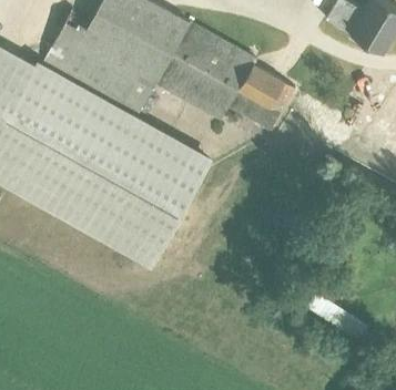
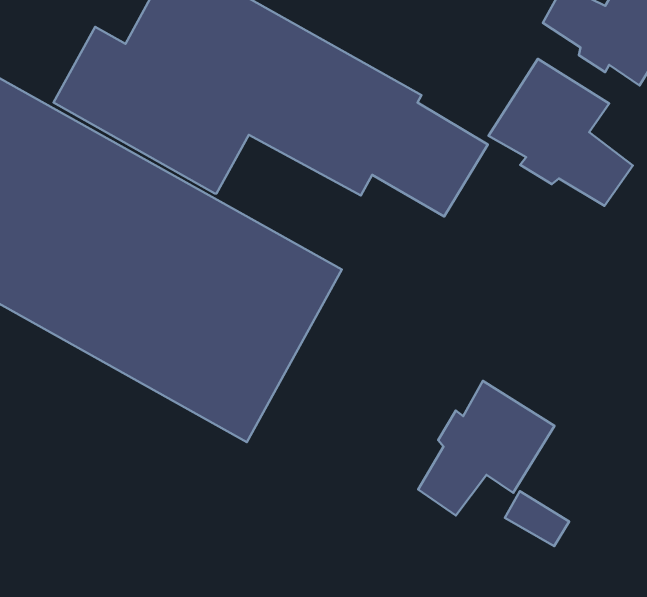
building: none -> [488,59,633,206]
building: none -> [418,381,554,516]

